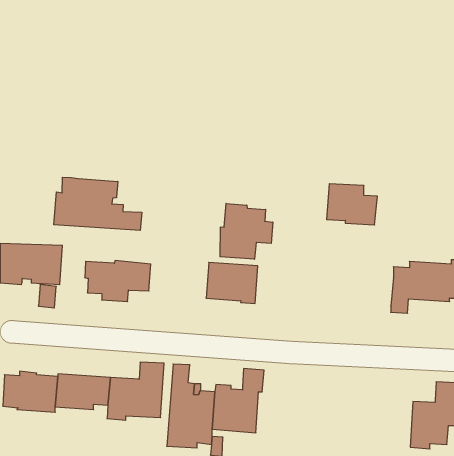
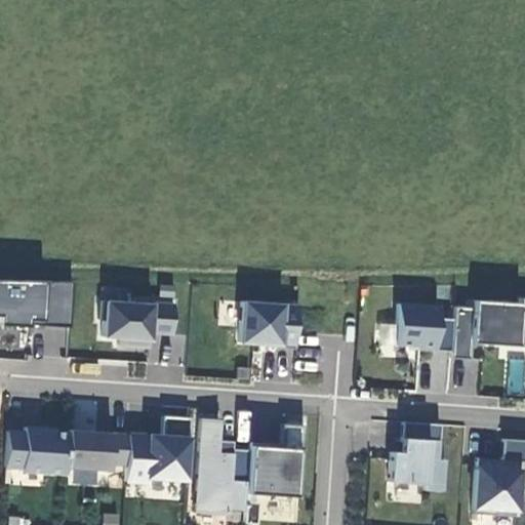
building: [54,177,142,230] -> none
building: [327,184,377,225] -> [396,305,454,352]
building: [220,203,273,259] -> none
building: none -> [389,422,446,492]

